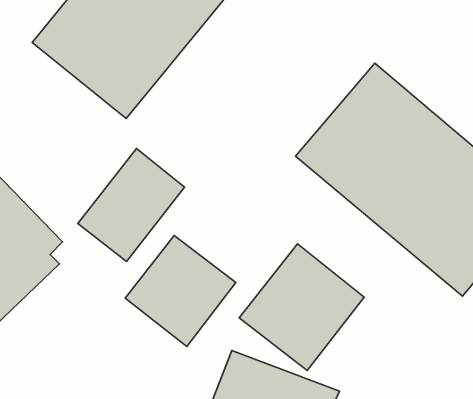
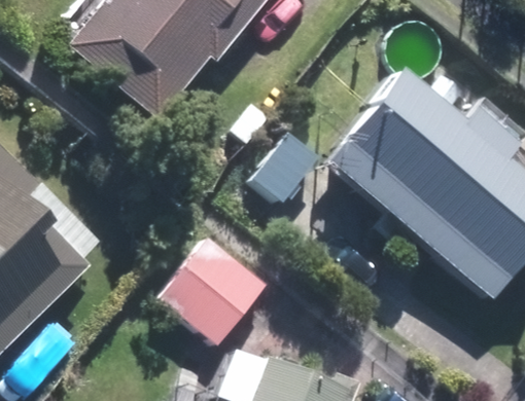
building: [78,149,184,262] -> none
building: [239,244,364,371] -> none

